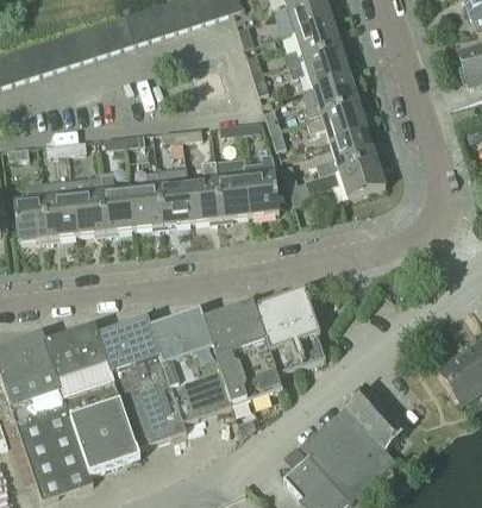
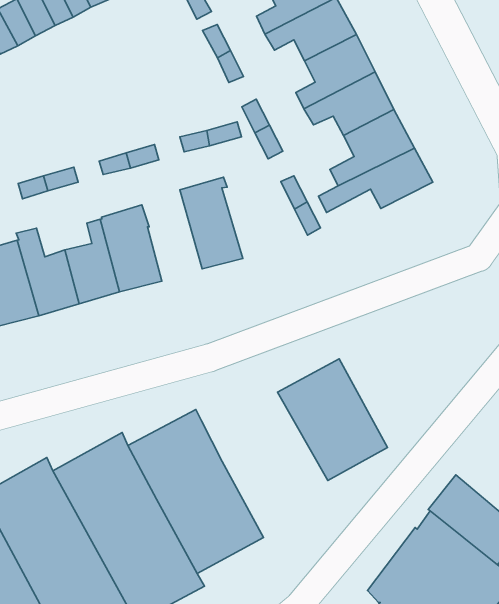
building: [243,153,280,214] -> none
building: [188,161,220,220] -> none
building: [202,302,281,404] -> none

